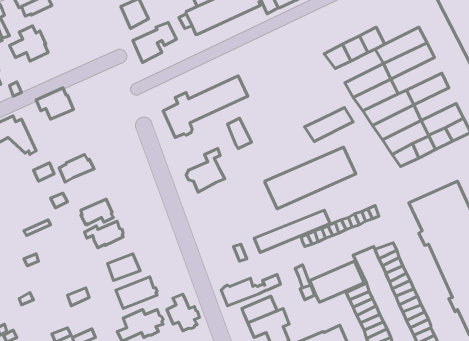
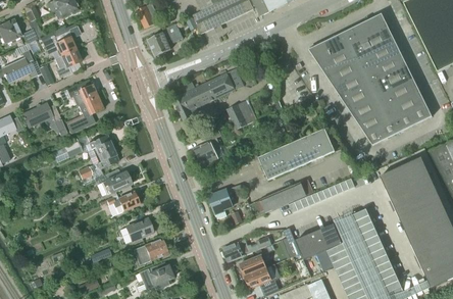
building: none -> [352,12,388,41]
building: none -> [53,48,81,77]
building: none -> [364,52,407,83]
building: none -> [384,78,419,105]
building: [305,107,353,141] -> [317,45,358,73]
building: none -> [66,96,102,133]
building: none -> [90,146,118,168]
building: none -> [208,188,233,217]
building: [167,294,199,331] -> none

